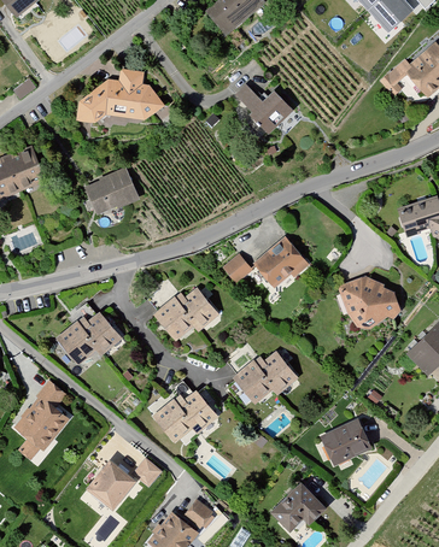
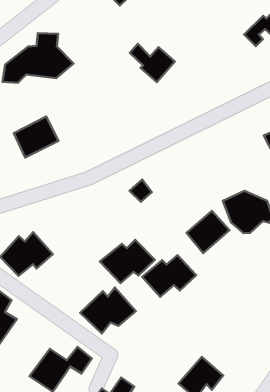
building: [253,236,308,288] -> [186,211,230,253]
building: [151,287,219,340] -> [100,240,155,283]
building: [314,417,371,467] -> none

